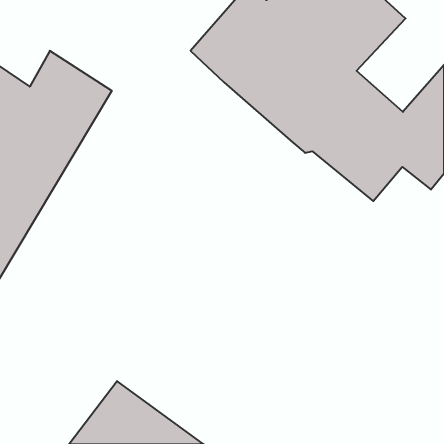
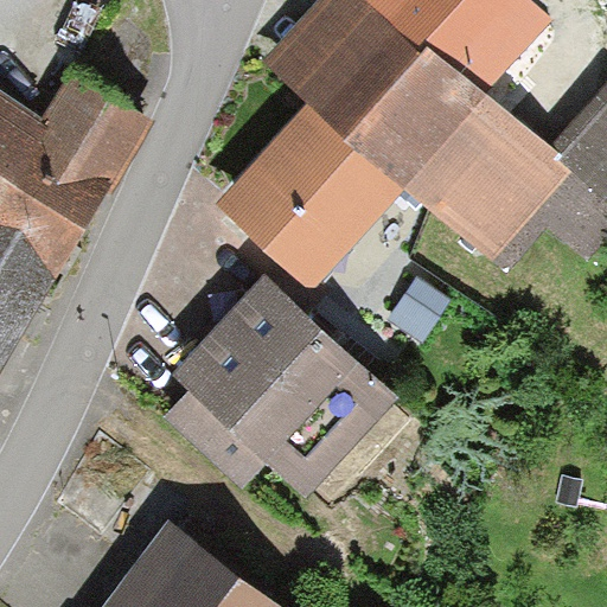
building: none -> [217,111,397,292]
building: none -> [166,277,394,497]

